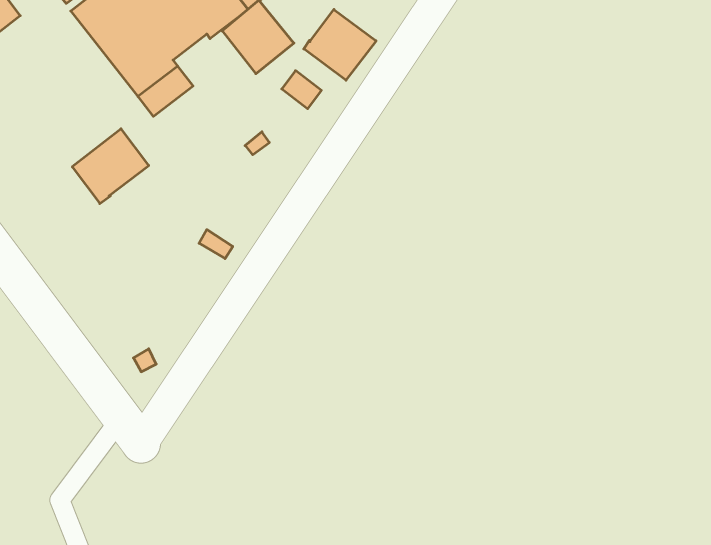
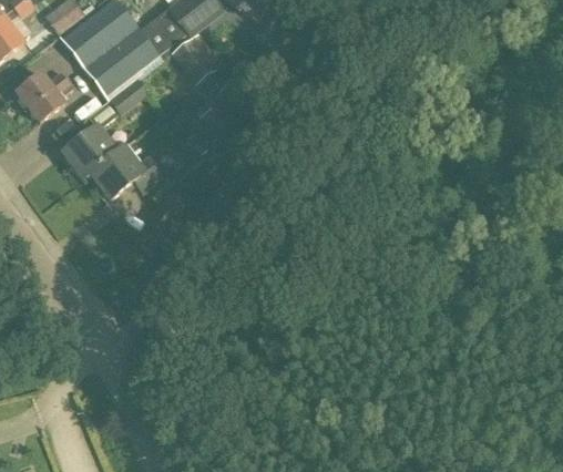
building: [304,9,376,80] -> none
building: none -> [16,70,69,122]
building: none -> [89,144,166,198]

